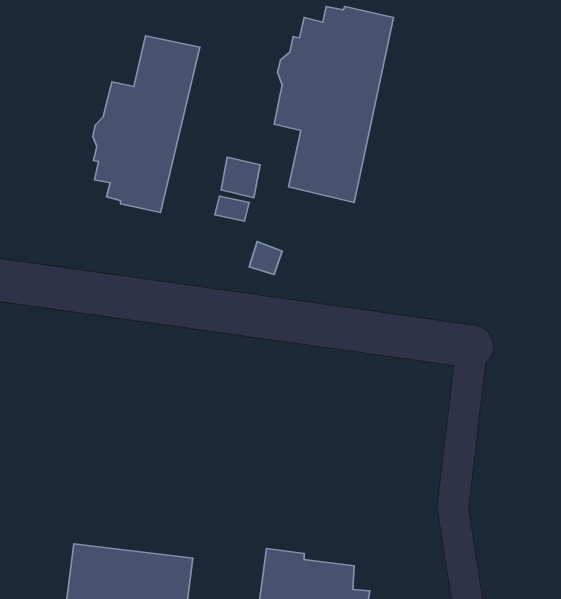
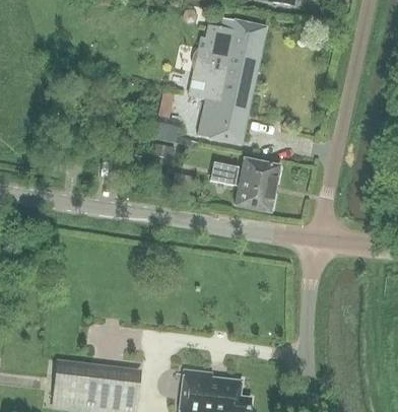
building: [93,36,200,213] -> none
building: none -> [210,157,279,211]

